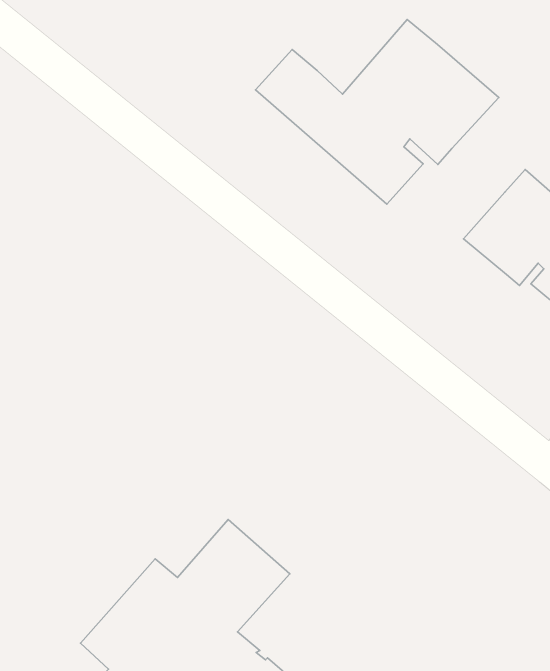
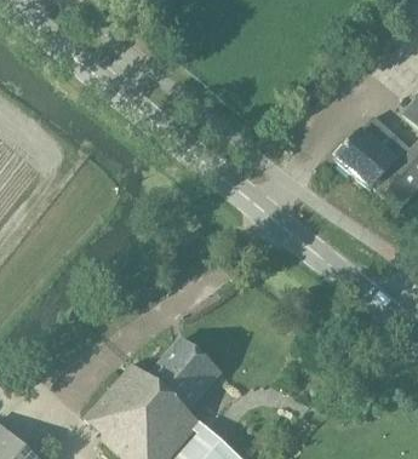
building: [256,19,499,204] -> none

